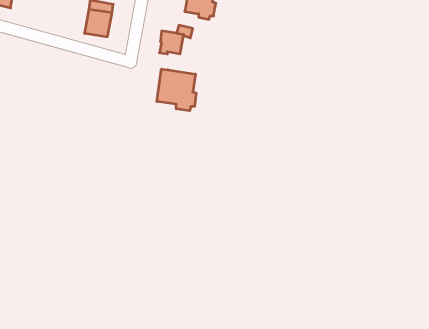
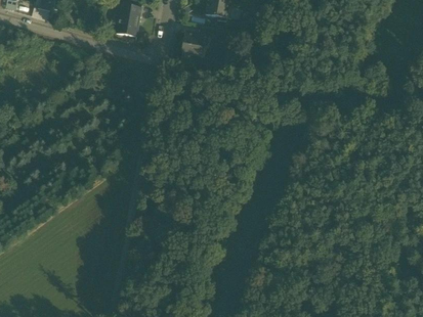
building: [157,69,196,111] -> none

